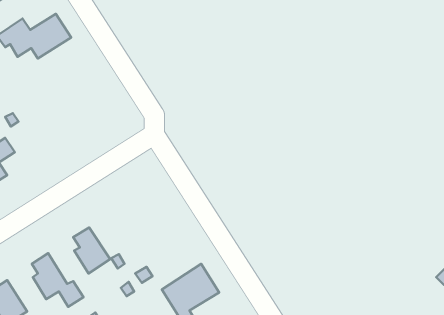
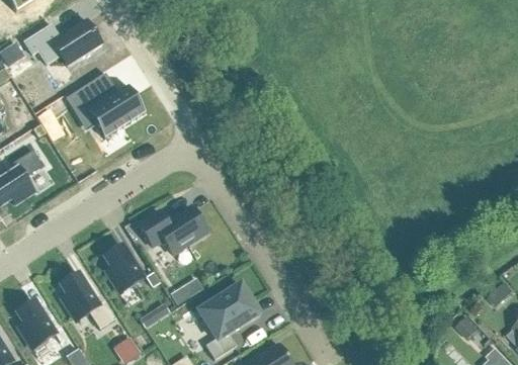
building: none -> [75,74,145,138]
building: none -> [139,207,206,253]

